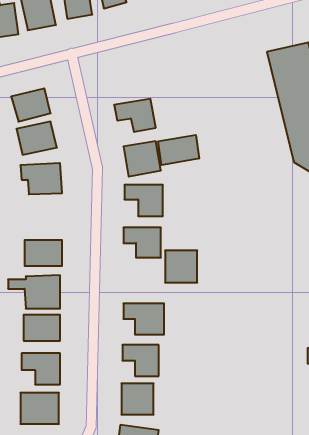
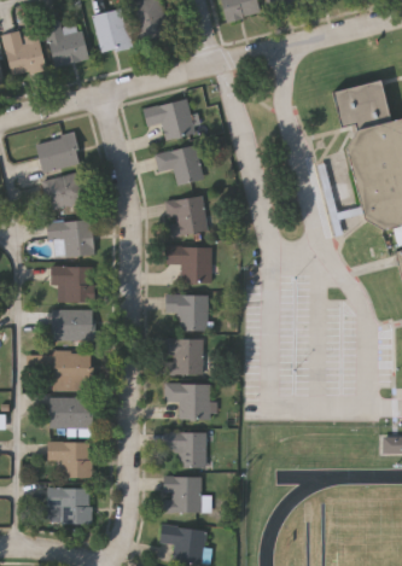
building: none -> [142,99,194,140]
building: [158,135,199,165] -> none
building: none -> [51,268,93,303]
building: [165,250,197,283] -> [165,338,203,375]

